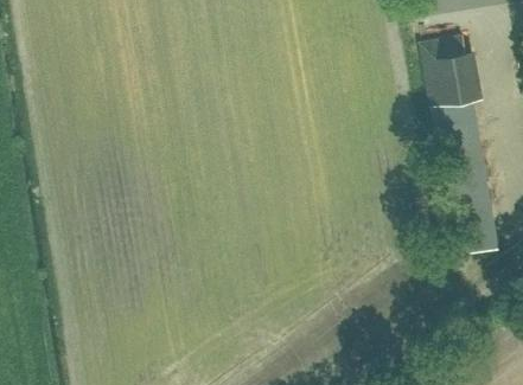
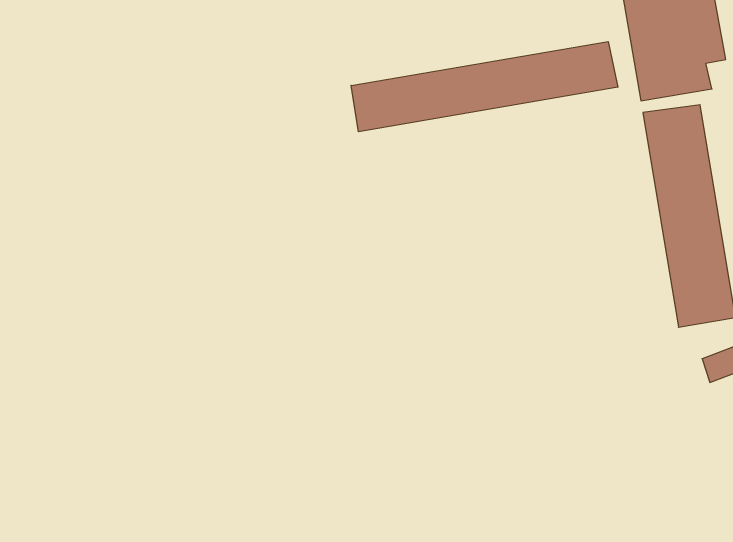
building: none -> [351,42,618,132]

